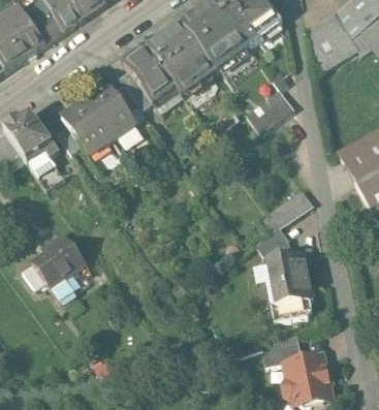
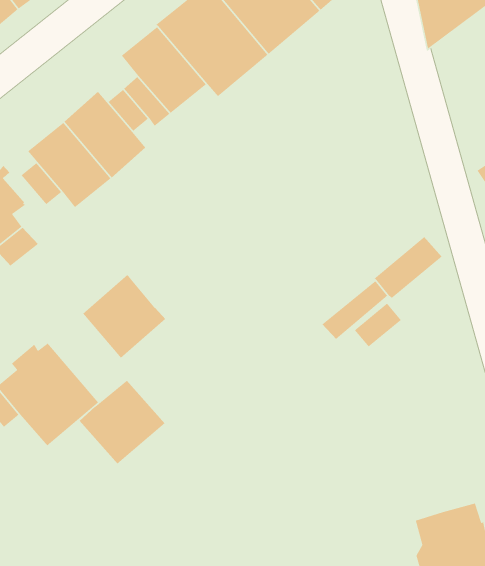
building: [246,86,295,132] -> none
building: none -> [82,274,166,359]
building: [267,252,313,321] -> none
building: none -> [79,380,165,465]
building: [262,333,302,366] -> none

